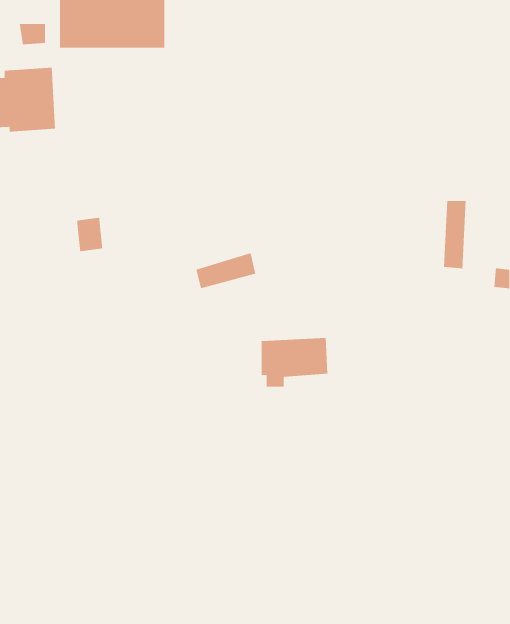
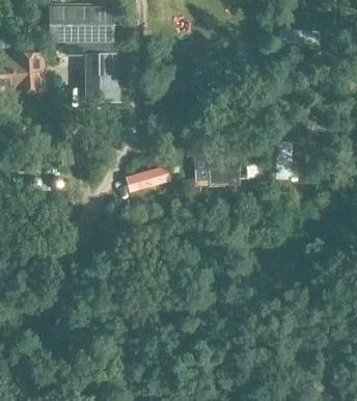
building: none -> [84,51,118,100]
building: [261,337,328,388] -> [196,153,238,184]

